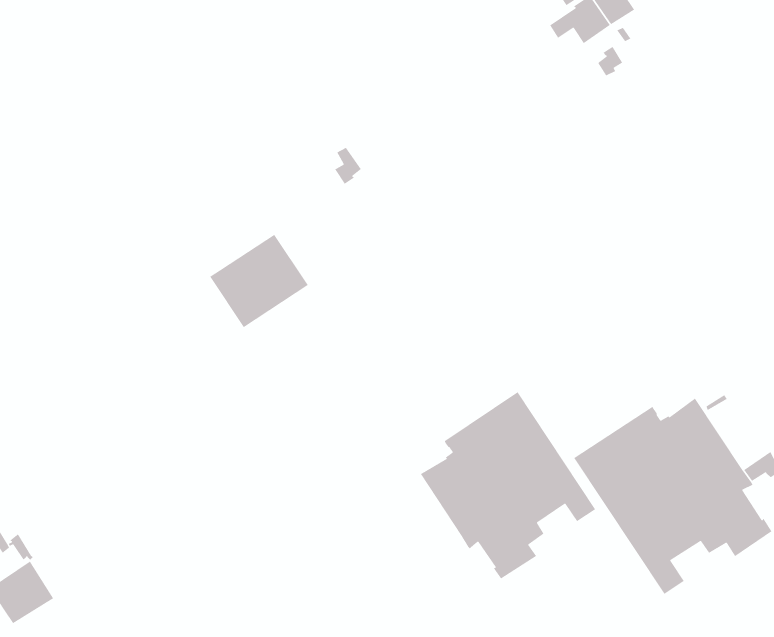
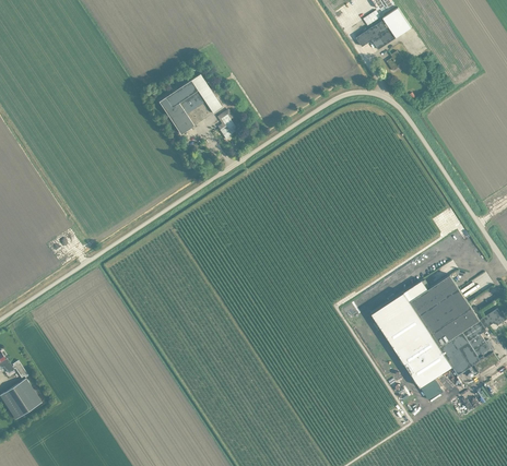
building: [209,234,309,328] -> [158,74,222,134]
building: [420,391,596,580] -> none

